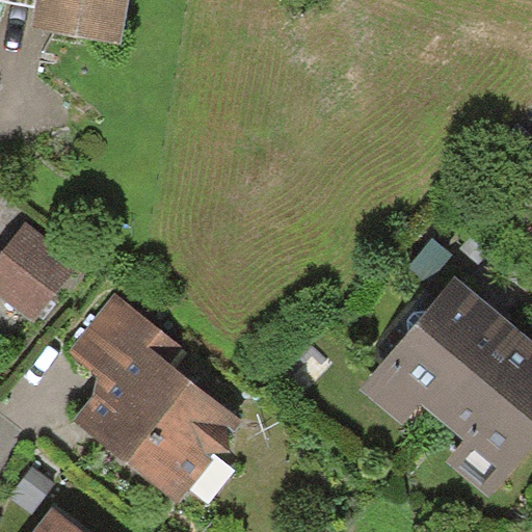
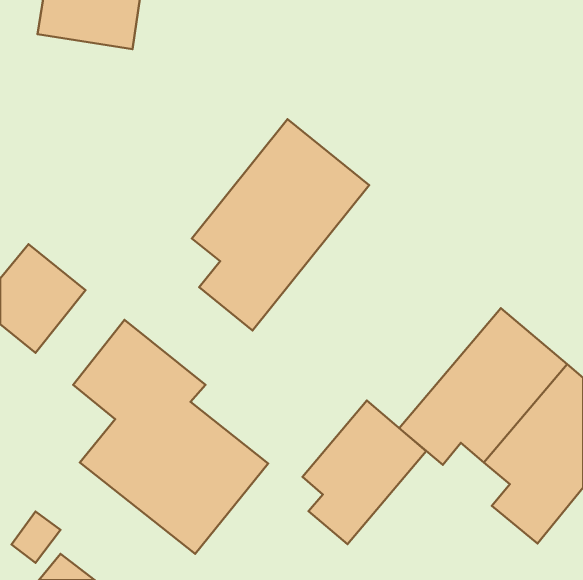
building: none -> [192,119,369,330]
building: none -> [302,401,426,544]

